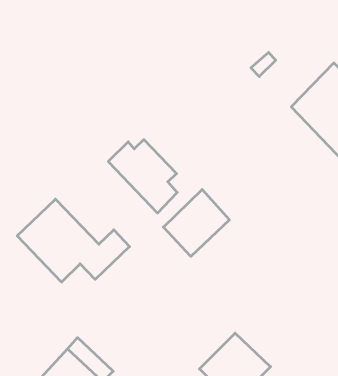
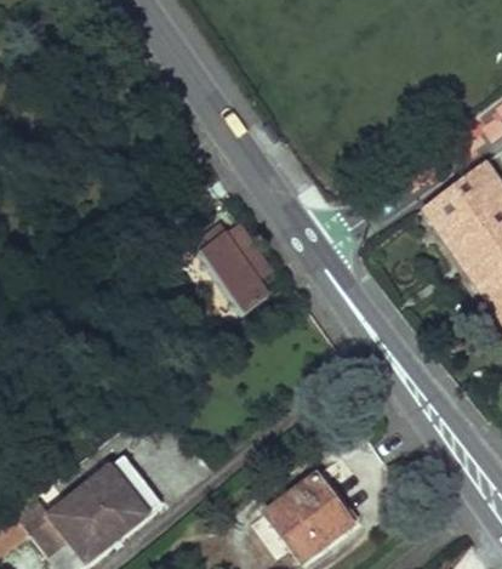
building: [163,189,229,256] -> none
building: [17,199,130,282] -> none

